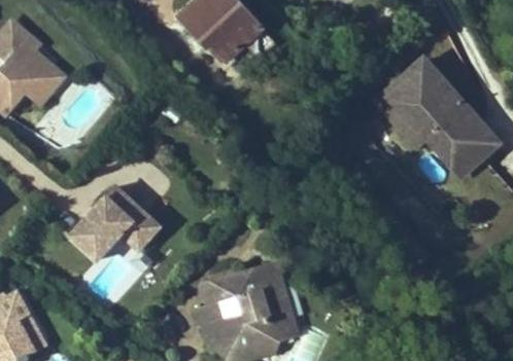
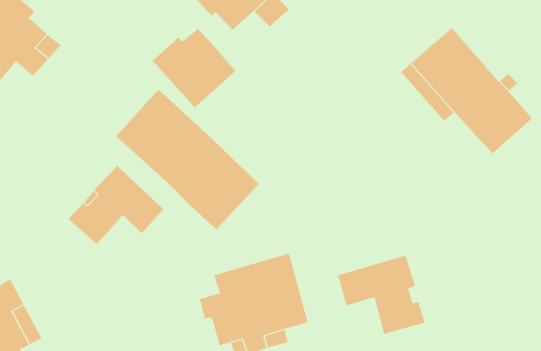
building: none -> [152,28,236,108]
building: none -> [116,89,259,230]
building: none -> [338,255,425,334]

